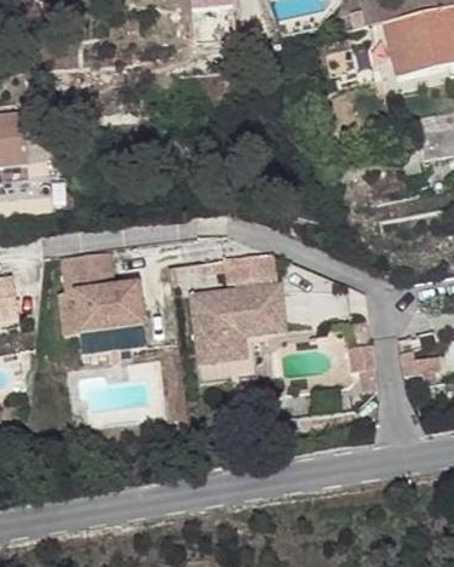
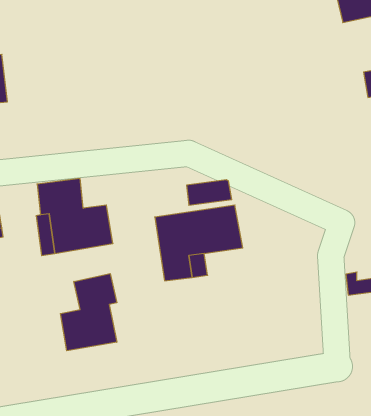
building: none -> [60,274,117,351]

